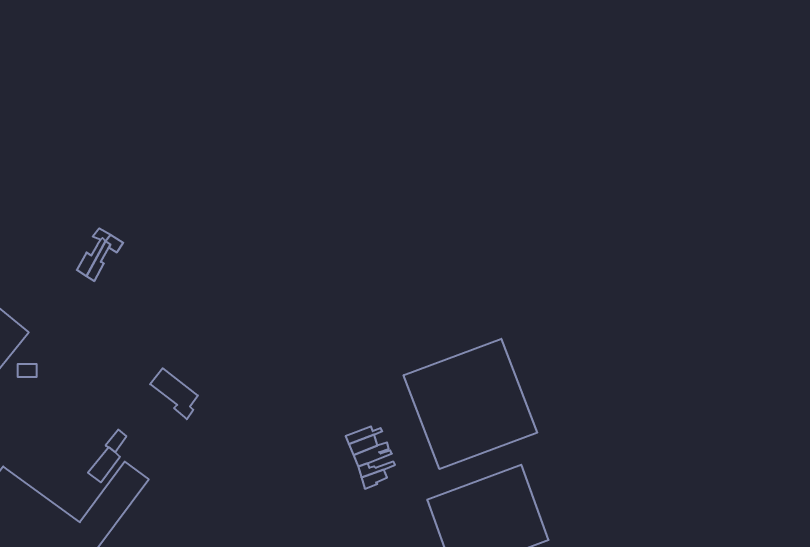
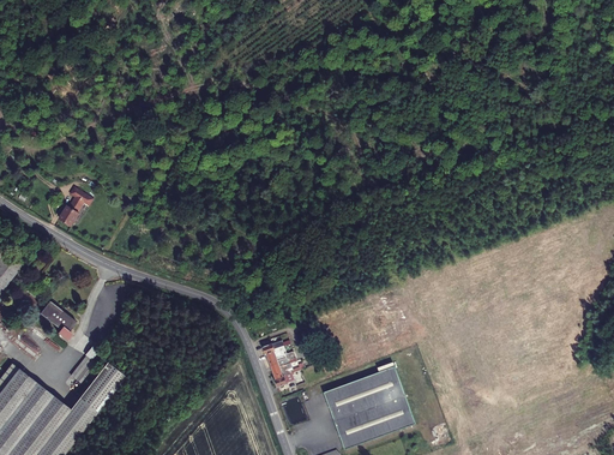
building: [404,339,537,469] -> none
building: [150,368,198,419] -> [38,299,74,337]

